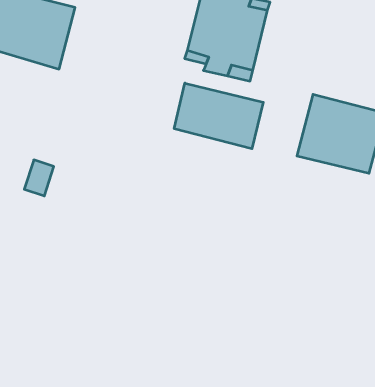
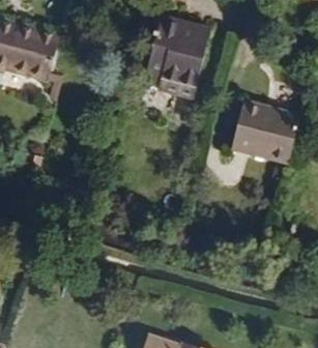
building: [174,83,263,149] -> none

